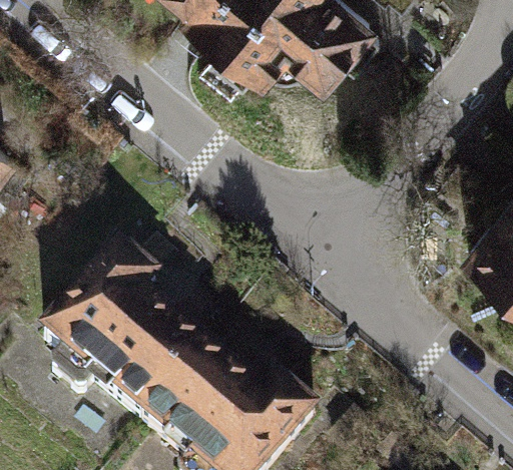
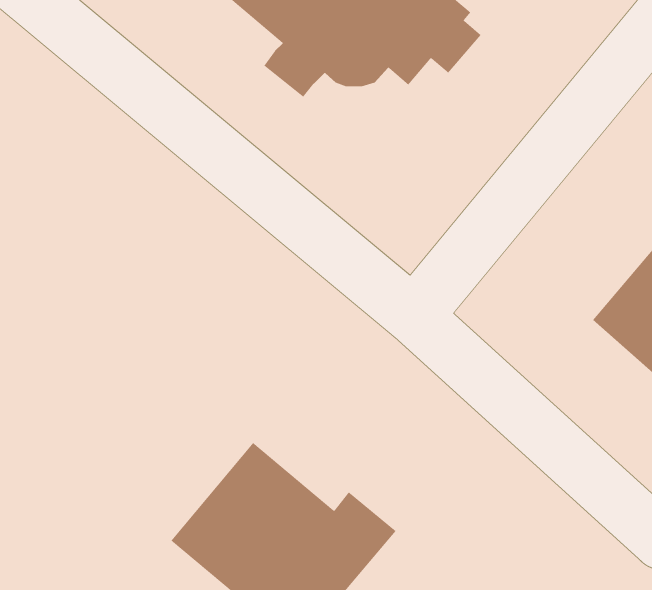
building: [49,243,208,411] -> none

